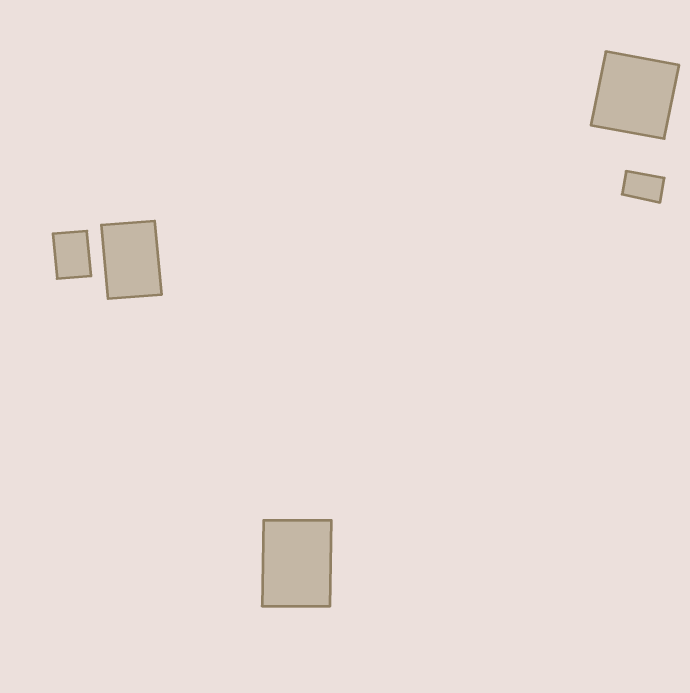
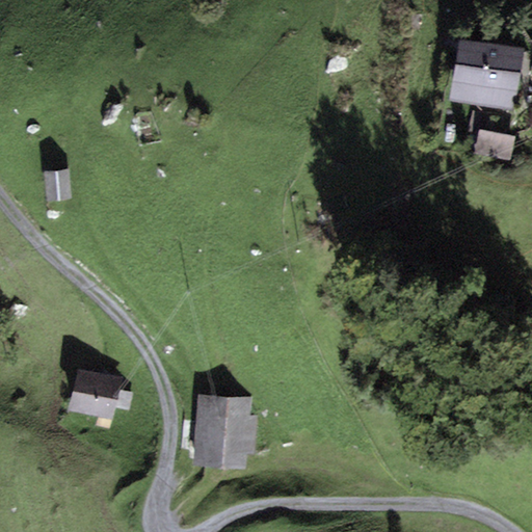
building: [101,221,161,299] -> none
building: none -> [68,369,116,414]

